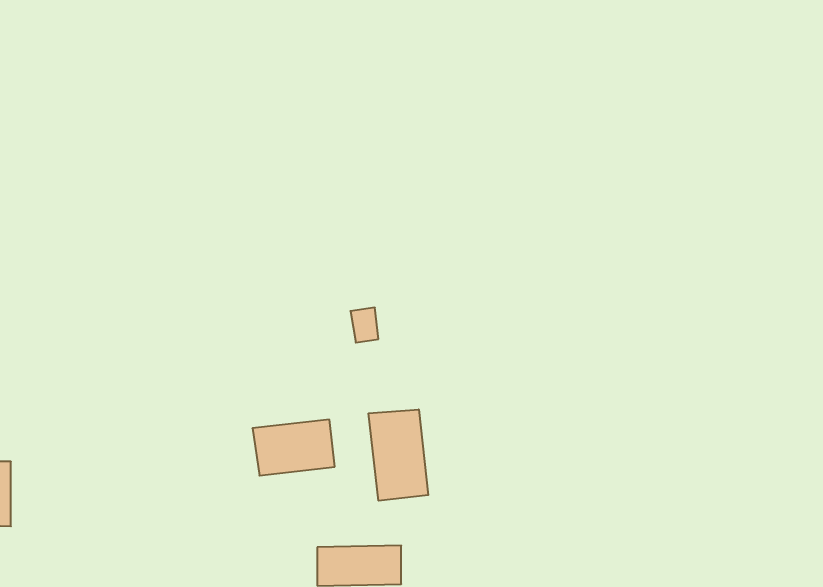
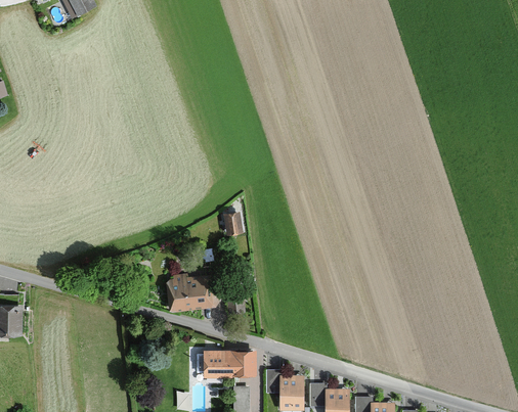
building: [369,409,428,501] -> none

